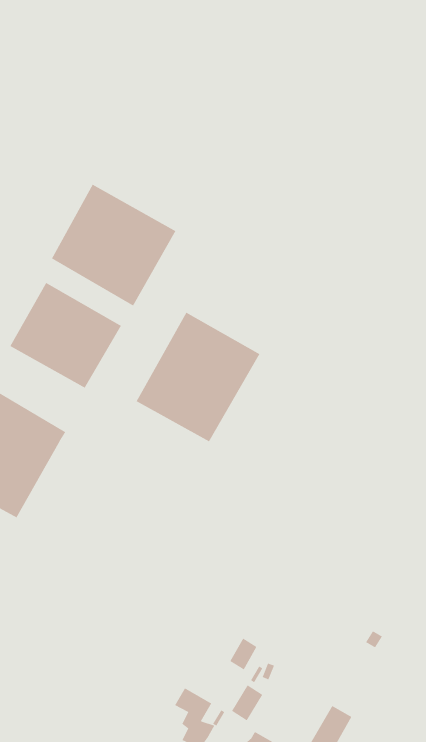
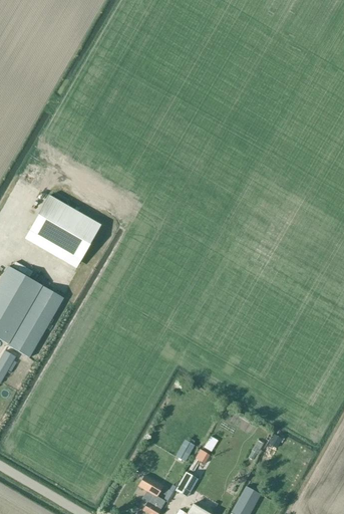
building: [51,184,176,306] -> none
building: [136,312,260,442] -> none

